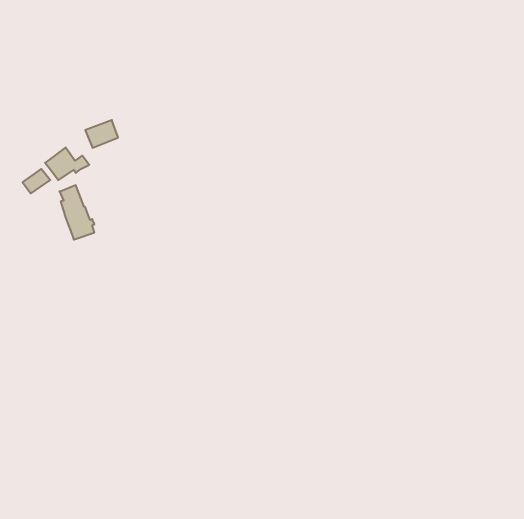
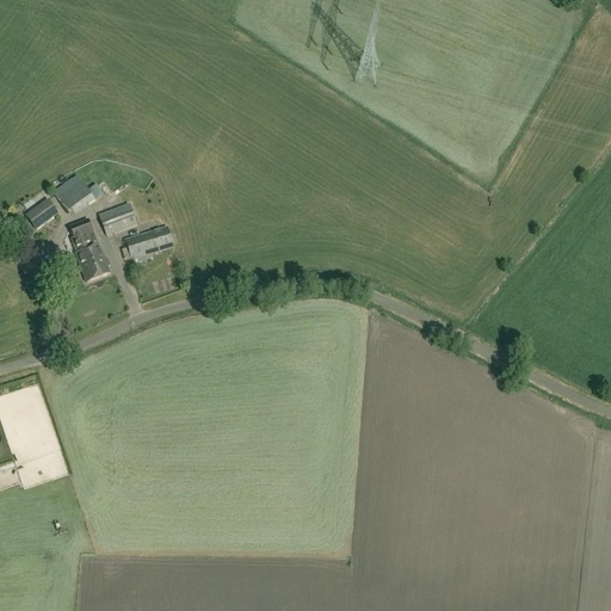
building: [85,120,118,148] -> [98,200,136,233]
building: none -> [125,224,173,261]

